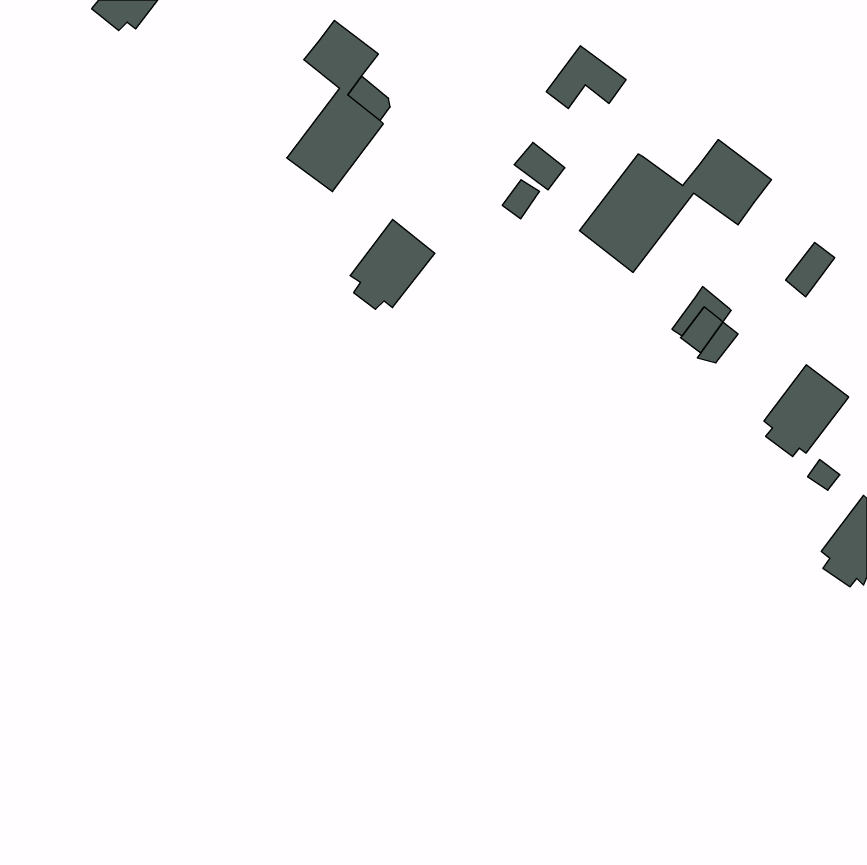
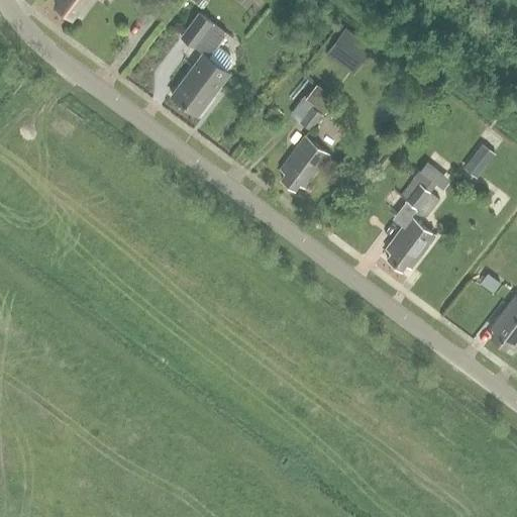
building: [579,140,771,272] -> none
building: [350,219,435,309] -> [279,136,329,190]
building: [764,365,849,457] -> [385,217,435,272]

